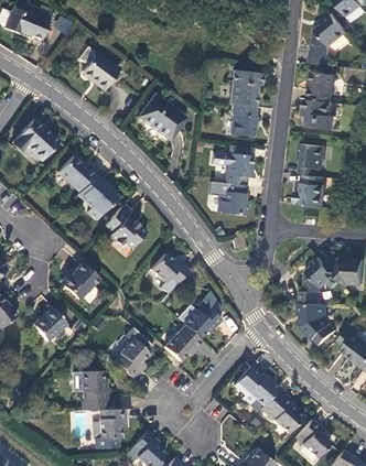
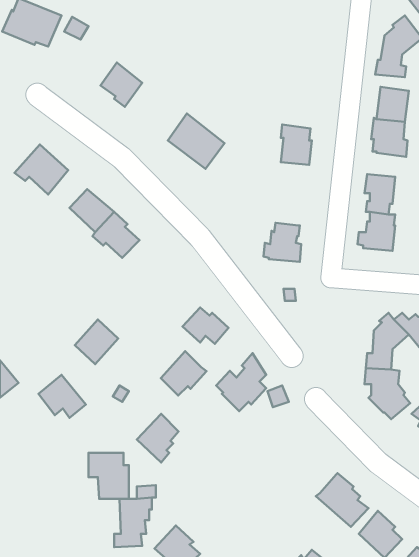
building: [228,71,261,107] -> none
building: [222,145,254,186] -> none
building: [104,205,143,248] -> none
building: [163,325,201,361] -> [161,351,207,396]
building: [236,368,276,405] -> none

